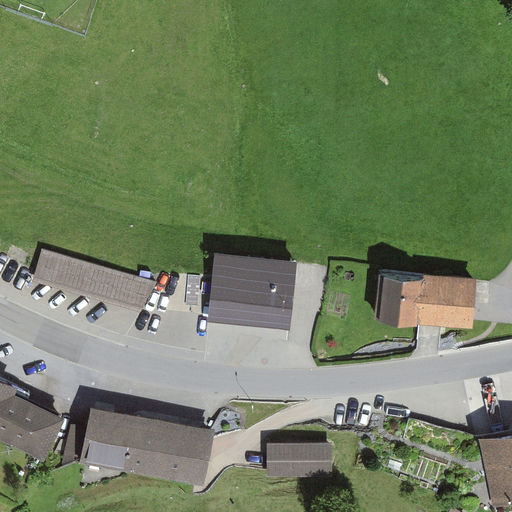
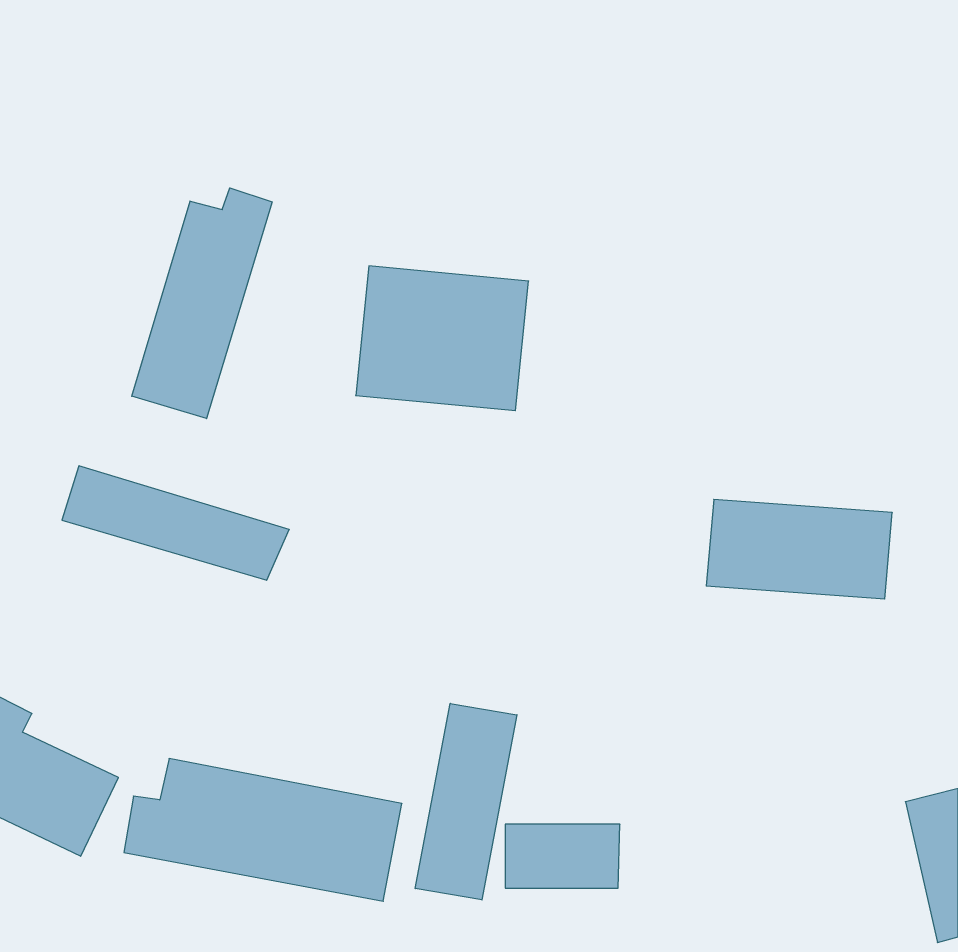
building: none -> [132,188,272,419]
building: [207,251,299,328] -> [356,266,529,411]
building: none -> [415,703,517,900]

